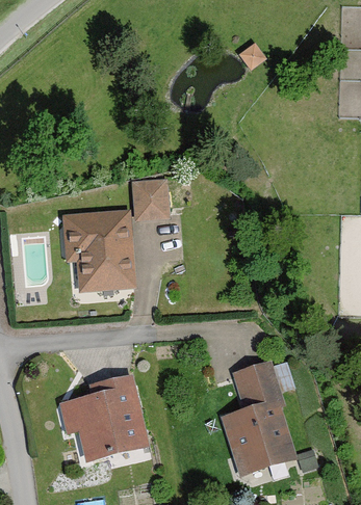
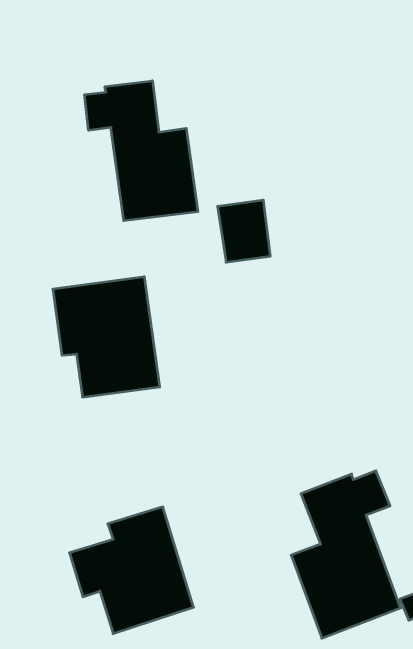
building: none -> [85,81,198,221]
building: [133,179,169,221] -> [218,200,270,262]

